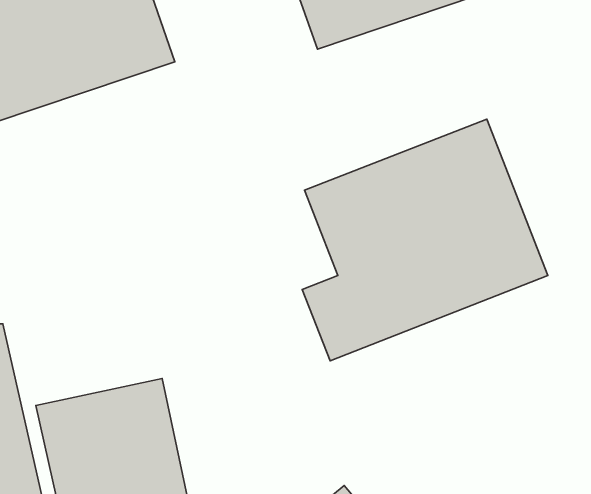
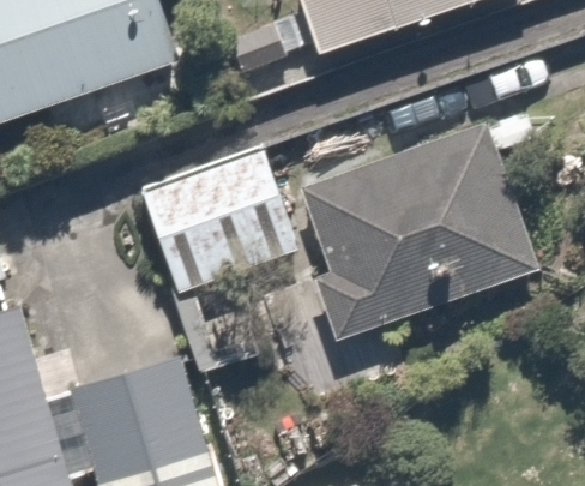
building: none -> [121,149,306,308]

